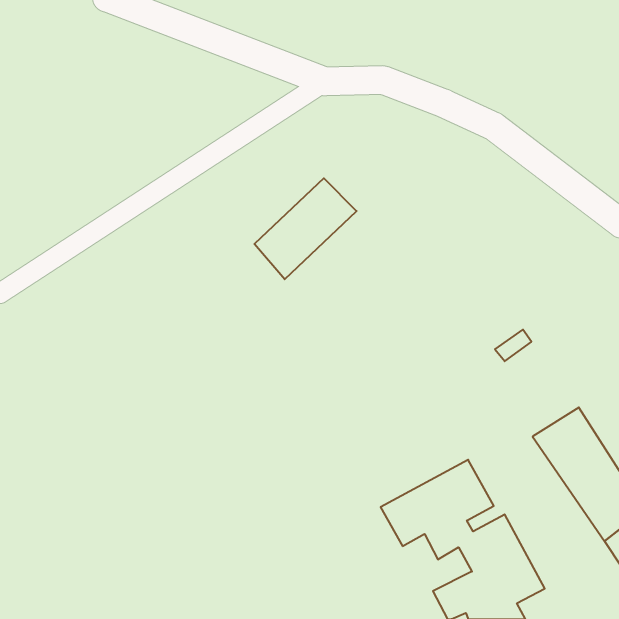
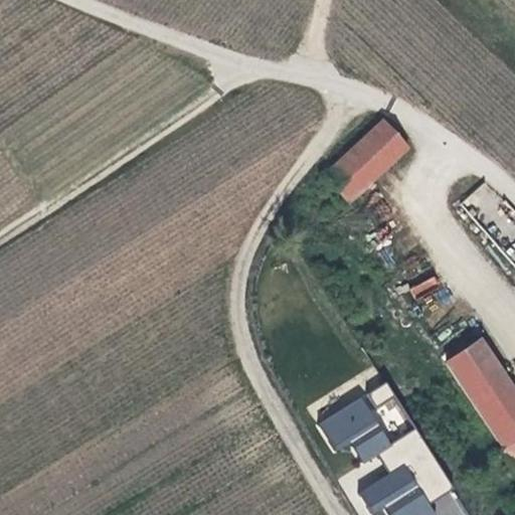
building: [254,178,357,279] -> [325,121,409,204]

